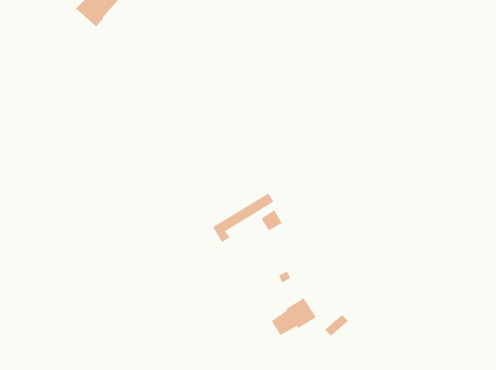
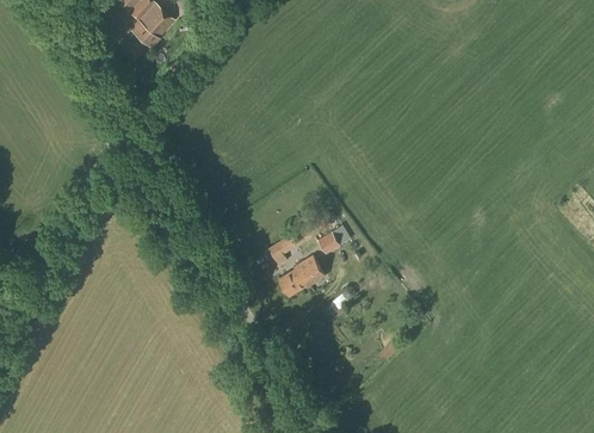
building: [271,297,317,336] -> [278,256,324,296]

